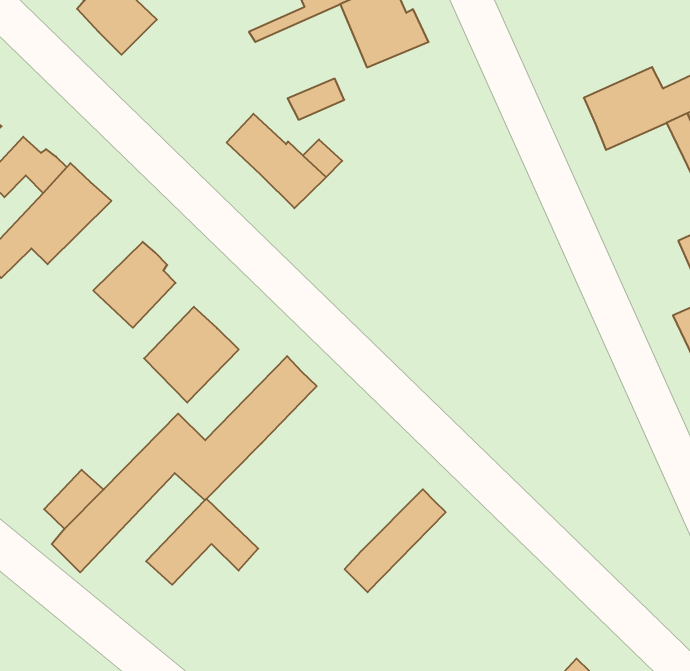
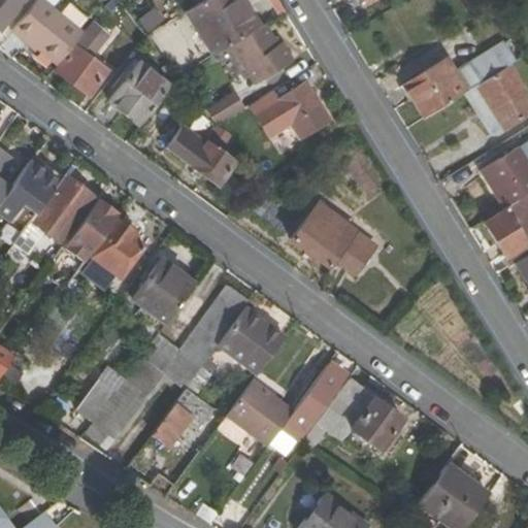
building: none -> [108,61,172,126]
building: none -> [251,82,331,137]
building: none -> [62,197,122,264]
building: none -> [292,201,378,274]
building: none -> [219,306,287,373]
building: none -> [226,380,295,447]
building: none -> [335,378,406,453]

